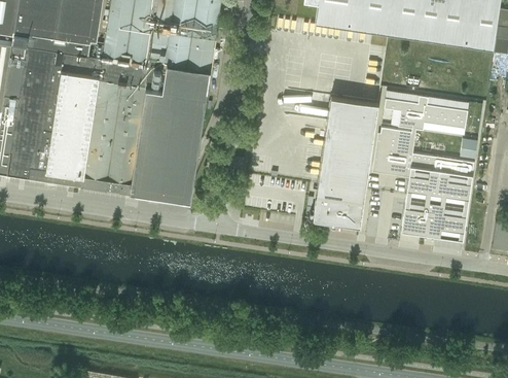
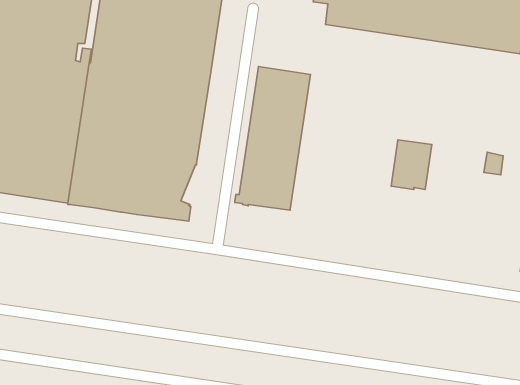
building: [382,93,469,138] -> none
building: [310,97,378,228] -> [235,67,310,210]
building: [401,154,474,242] -> none

